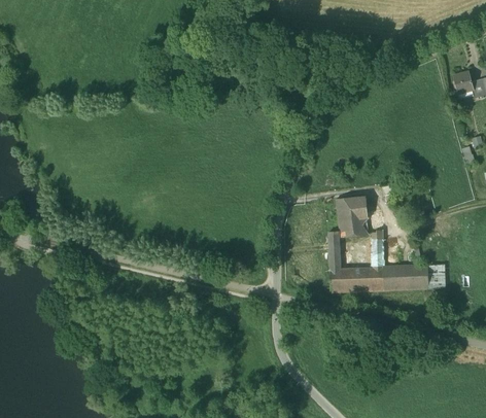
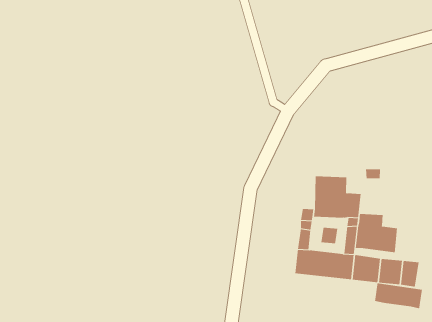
building: none -> [355,213,398,253]
building: none -> [374,283,423,309]

